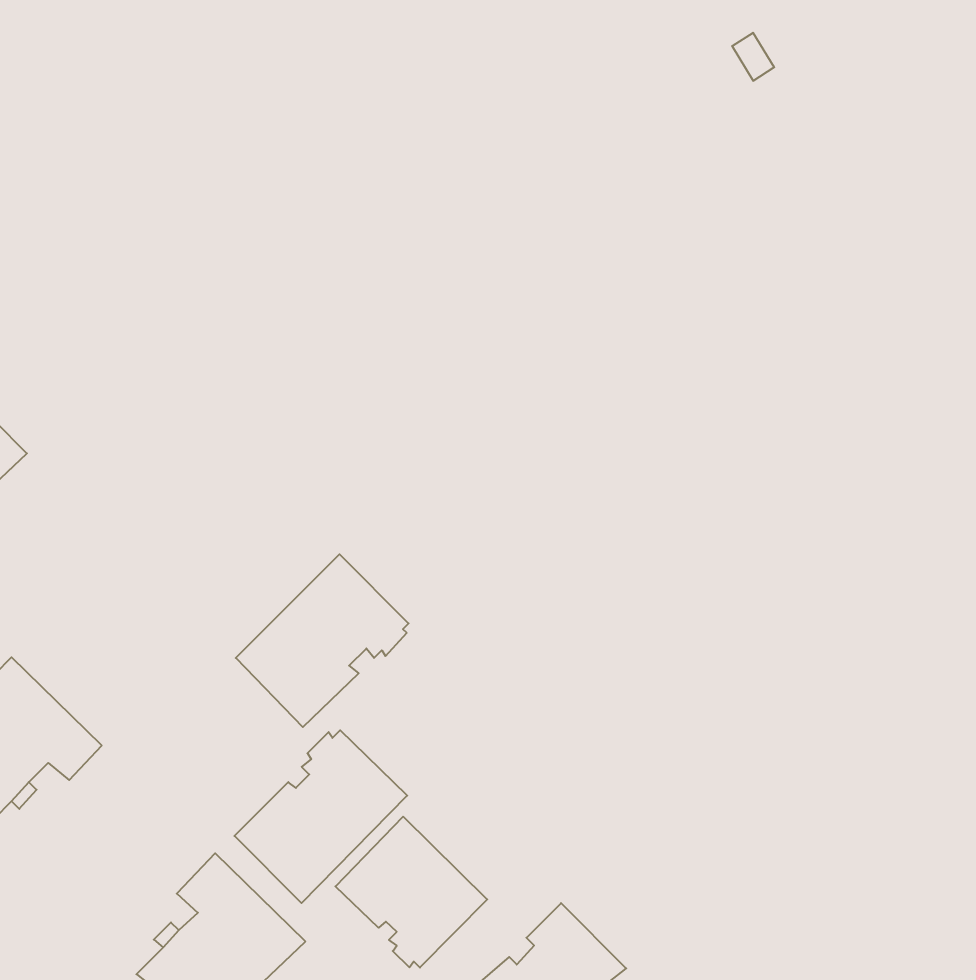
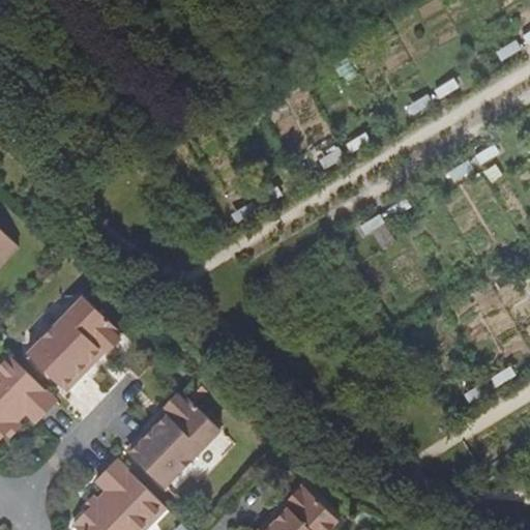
building: [236,554,409,727] -> [28,298,121,391]
building: [335,817,487,968] -> none

